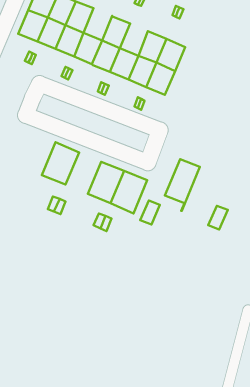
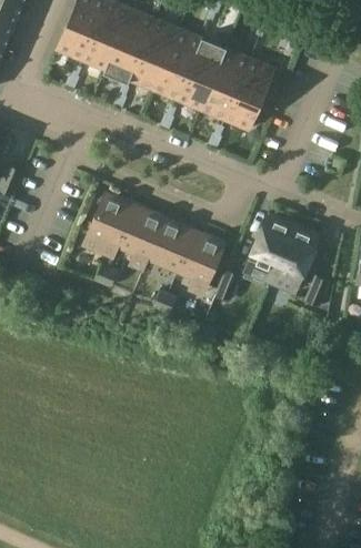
building: none -> [141,17,179,59]
building: none -> [189,37,225,79]
building: none -> [118,205,164,260]
building: none -> [270,224,319,293]

